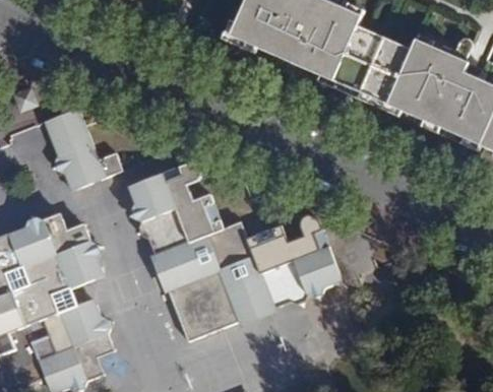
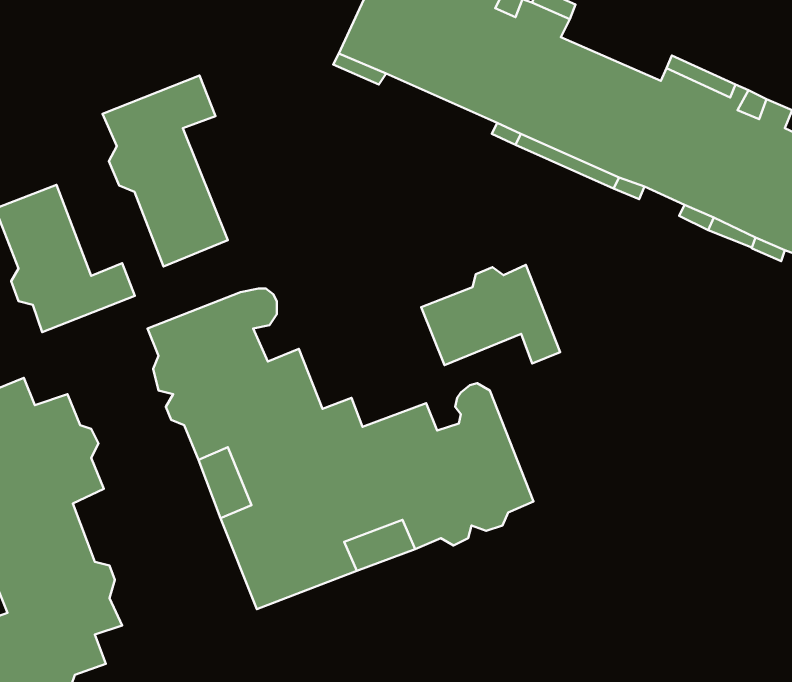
building: none -> [102,75,228,266]
building: none -> [421,265,560,365]

